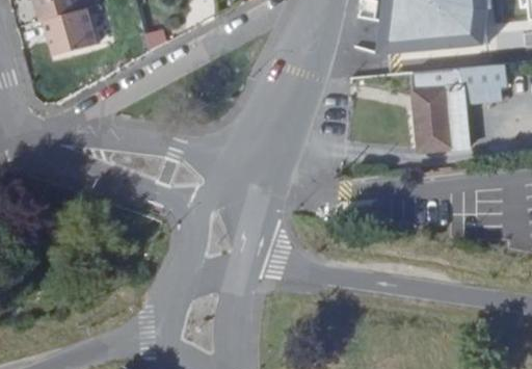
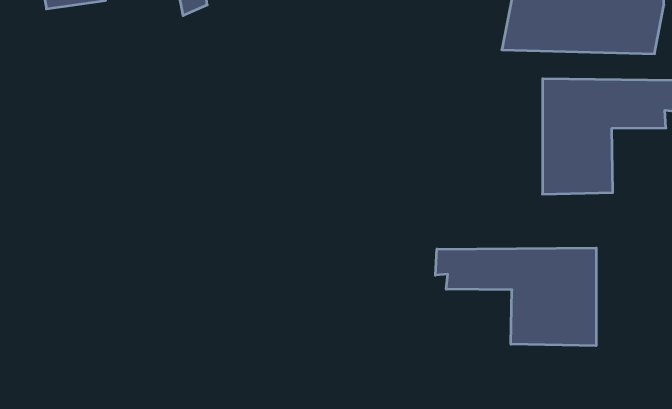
building: none -> [435,248,596,346]

